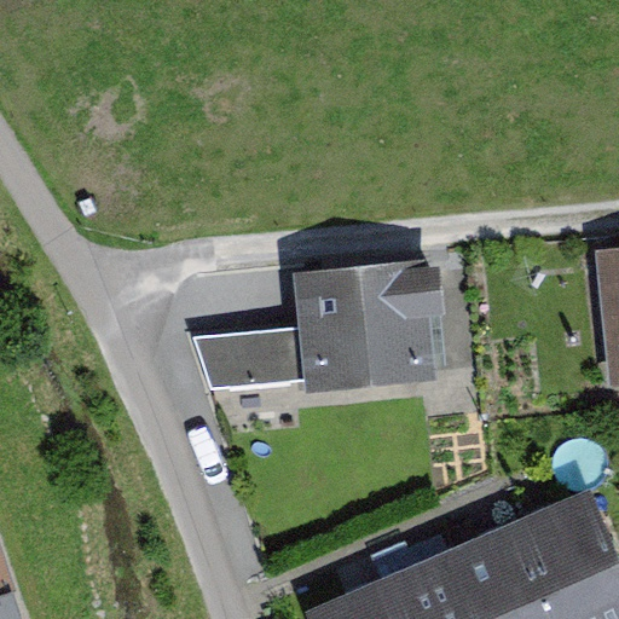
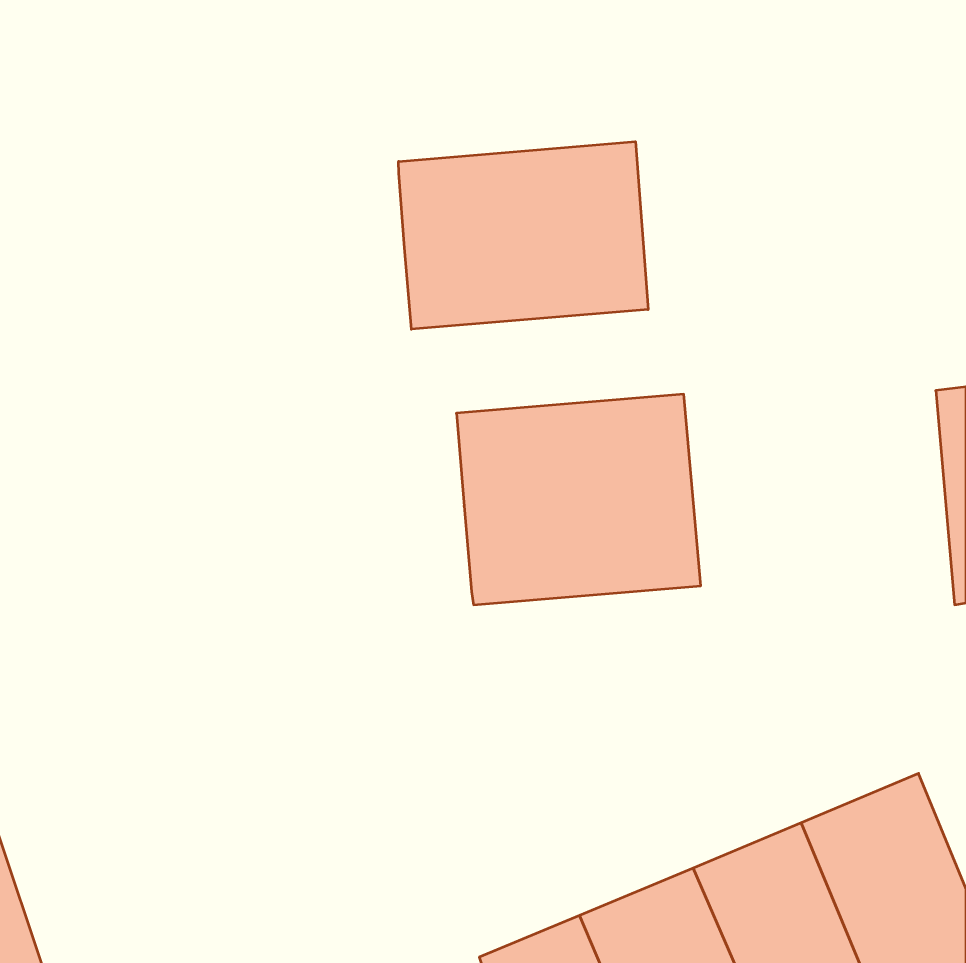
building: none -> [399,142,648,329]
building: [192,326,301,388] -> none

